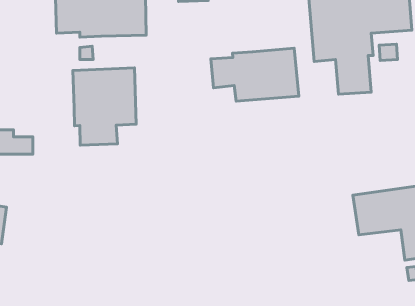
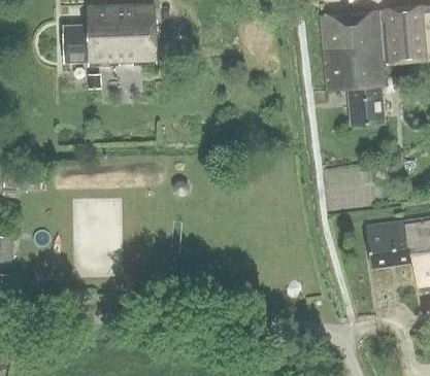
building: [211,48,299,101] -> none
building: [73,68,136,145] -> none

